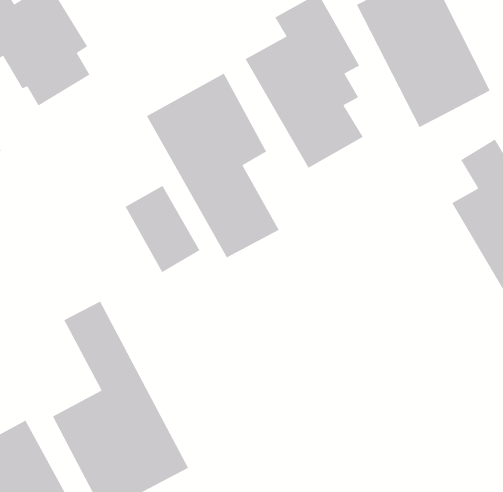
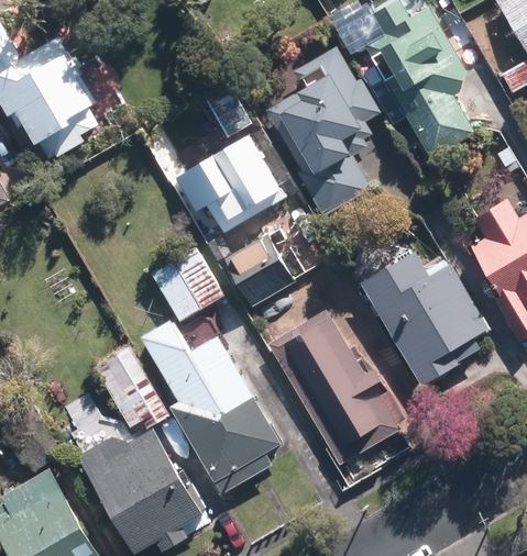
building: none -> [353,244,490,392]
building: none -> [259,304,406,475]
building: none -> [145,321,278,476]

